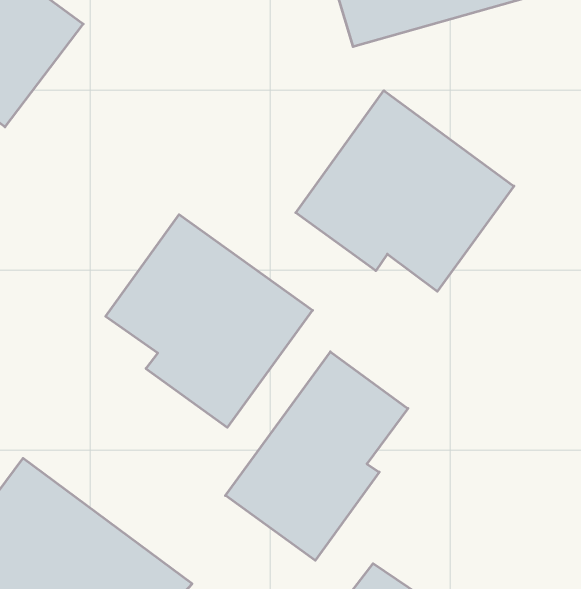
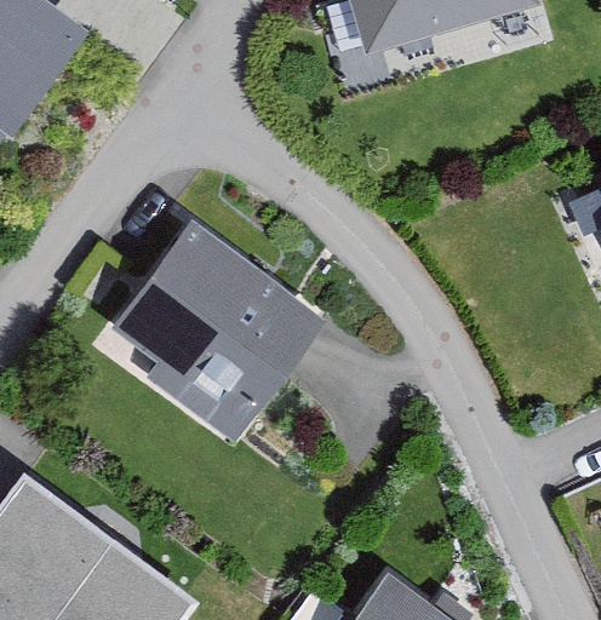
building: [296,91,514,291] -> none
building: [225,352,408,560] -> none

